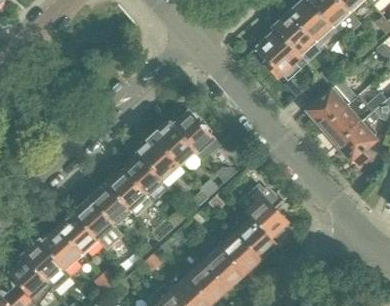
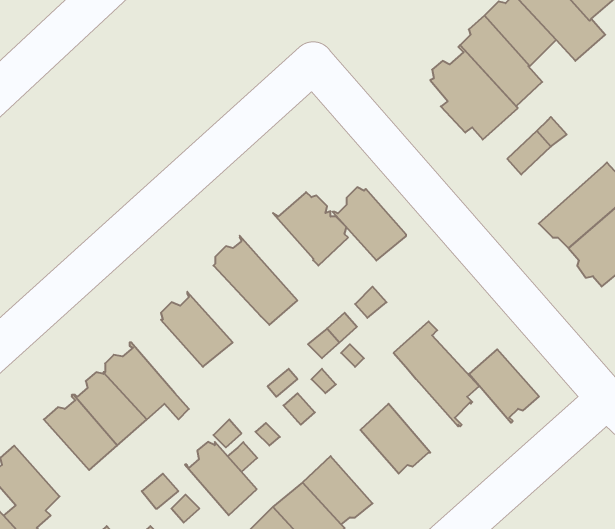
building: [309,80,358,129] -> none
building: [150,122,192,164] -> [333,187,406,261]
building: [120,153,162,197] -> none
building: [88,184,129,226] -> [185,442,257,515]
building: [235,218,275,260] -> [469,349,539,423]
building: [21,240,64,285] -> none
building: [202,247,243,289] -> none

